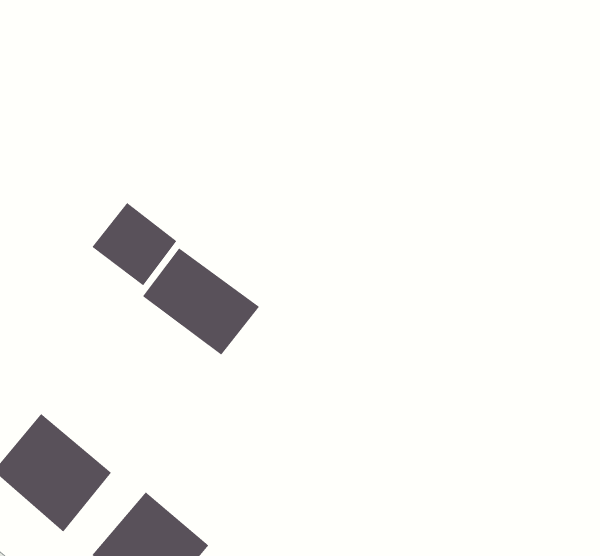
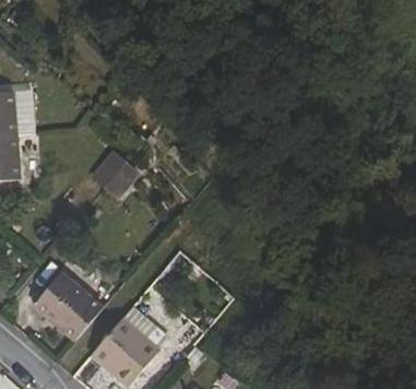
building: [142,247,260,356] -> none

